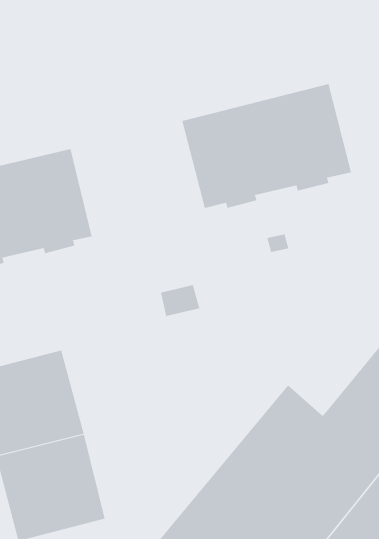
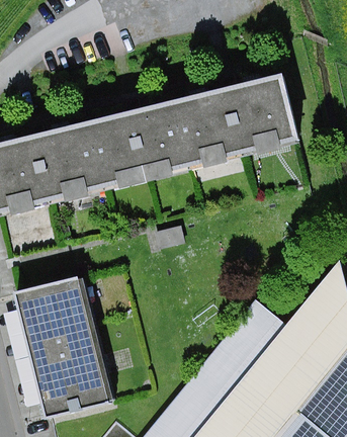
building: none -> [88,102,189,190]

